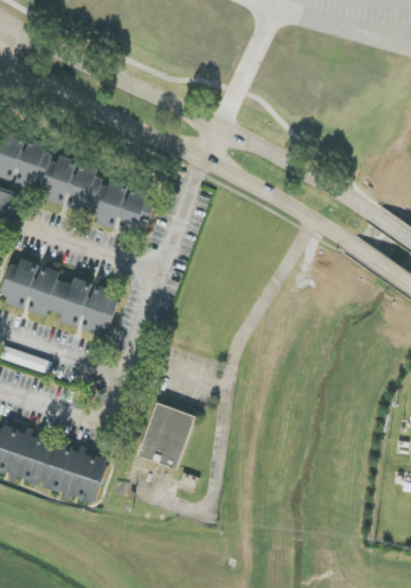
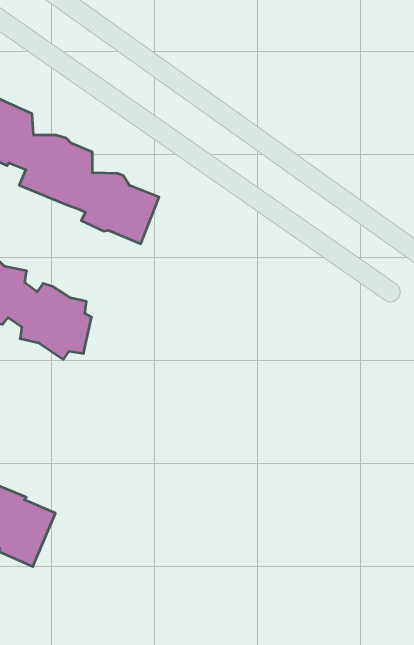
building: [137,402,193,468] -> none

